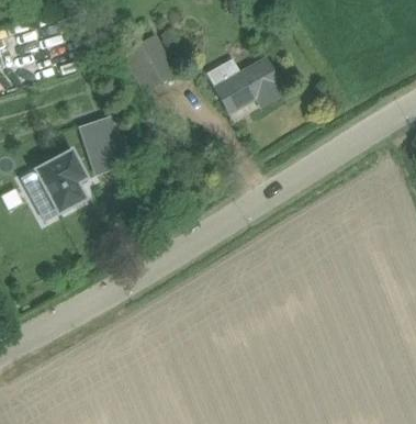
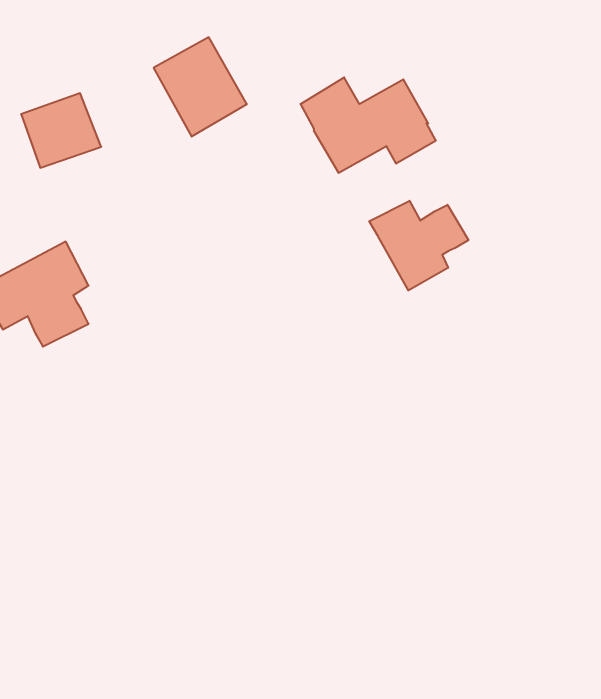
building: [77,115,123,158] -> [21,93,101,168]
building: none -> [369,201,468,290]

